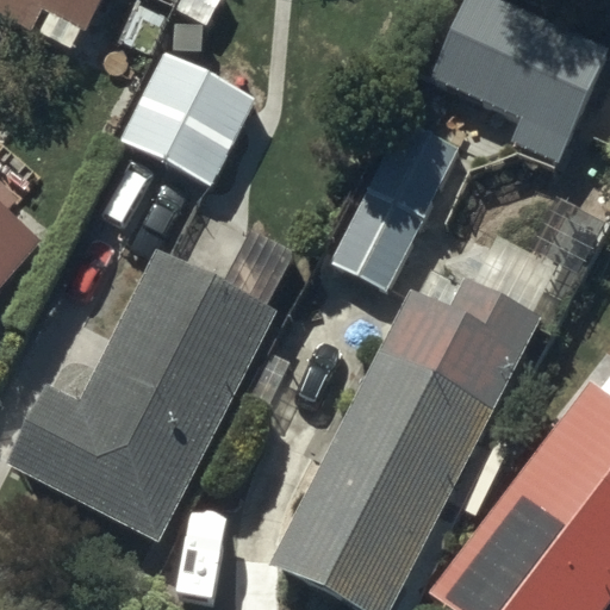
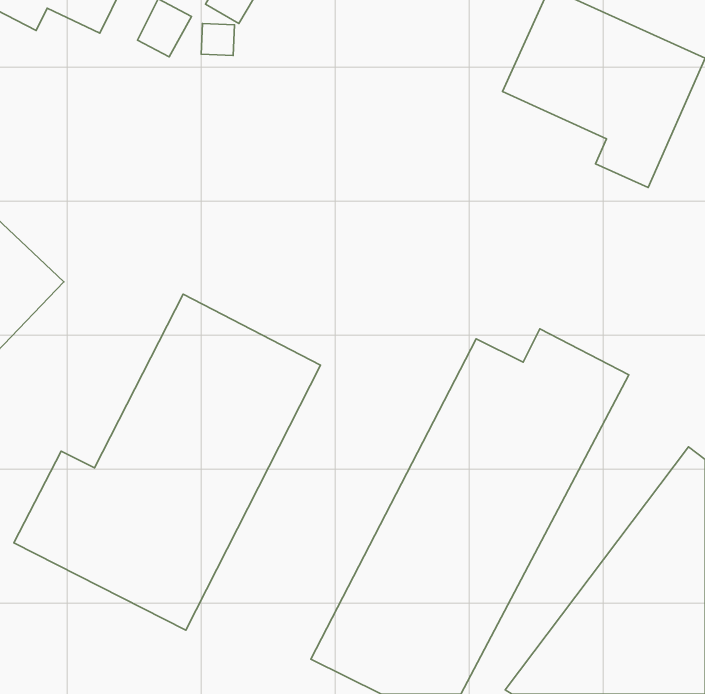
building: [122,52,255,182] -> none
building: [329,119,455,287] -> none

